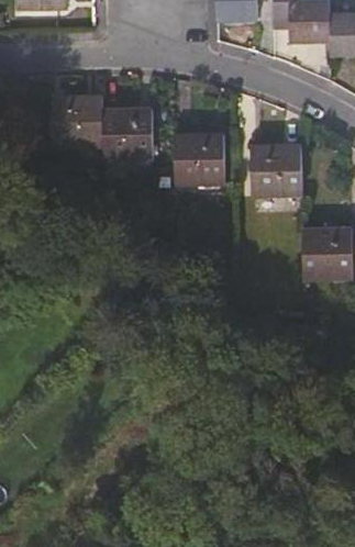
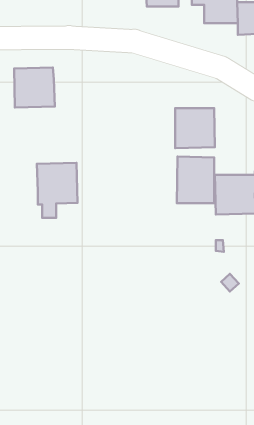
building: [102,109,153,177] -> [37,163,77,218]
building: [175,134,225,185] -> none
building: none -> [177,156,214,203]

